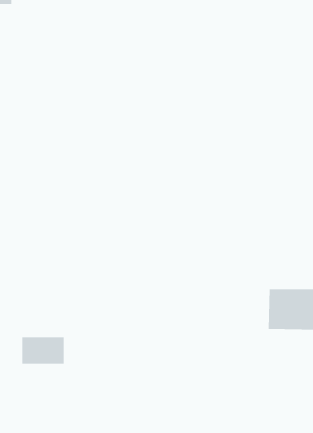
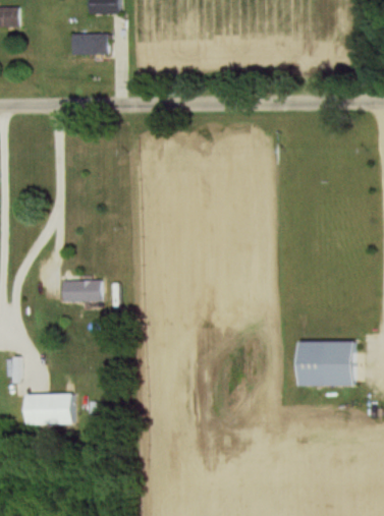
building: none -> [69,34,105,54]
building: none -> [60,280,100,300]

